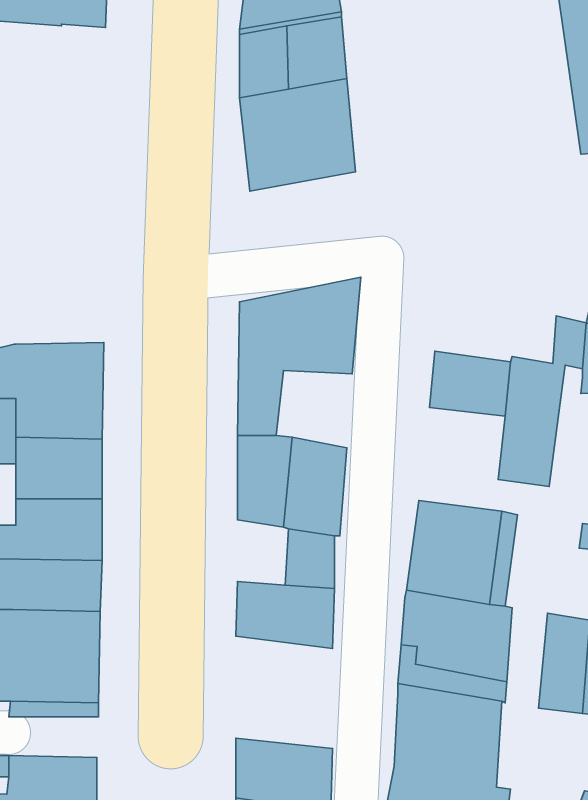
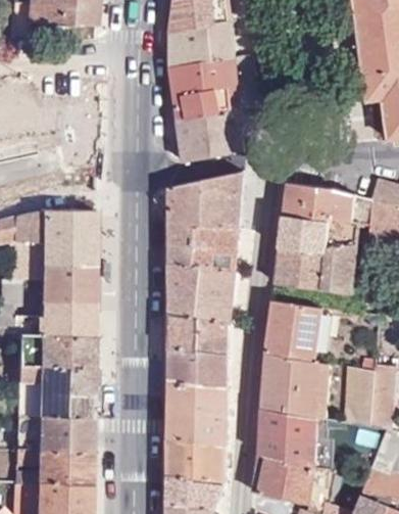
building: none -> [178,110,242,161]
building: none -> [285,183,355,222]
building: none -> [193,226,237,271]
building: none -> [278,247,326,289]
building: none -> [170,313,200,351]
building: none -> [169,380,226,446]
building: none -> [38,427,90,449]

